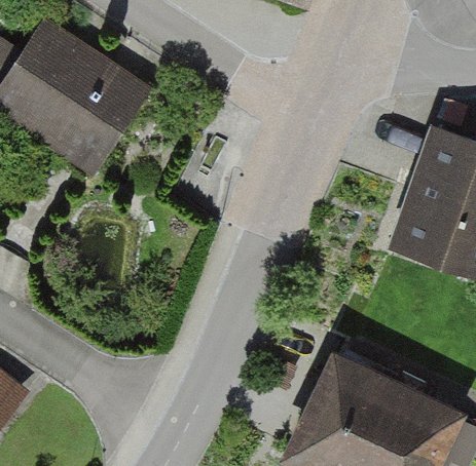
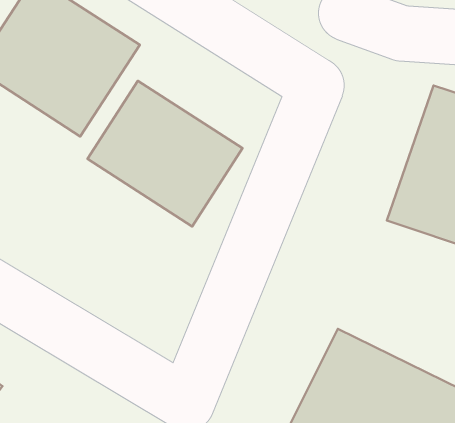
building: none -> [88,81,242,226]

